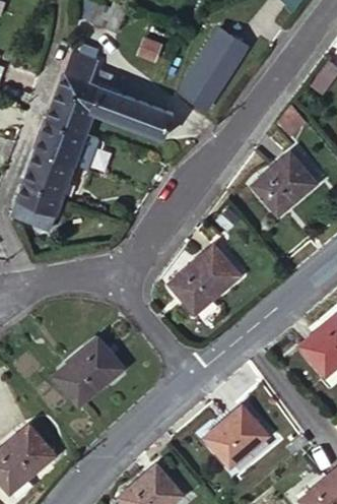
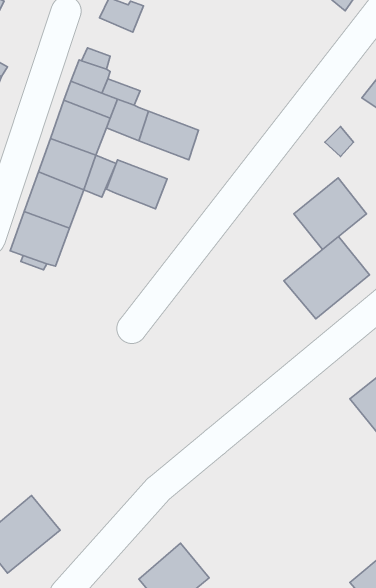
building: [185,40,239,109] -> none
building: none -> [107,160,167,209]
building: [168,246,242,316] -> [284,237,370,319]
building: [54,338,124,404] -> none
building: [205,404,267,465] -> none

